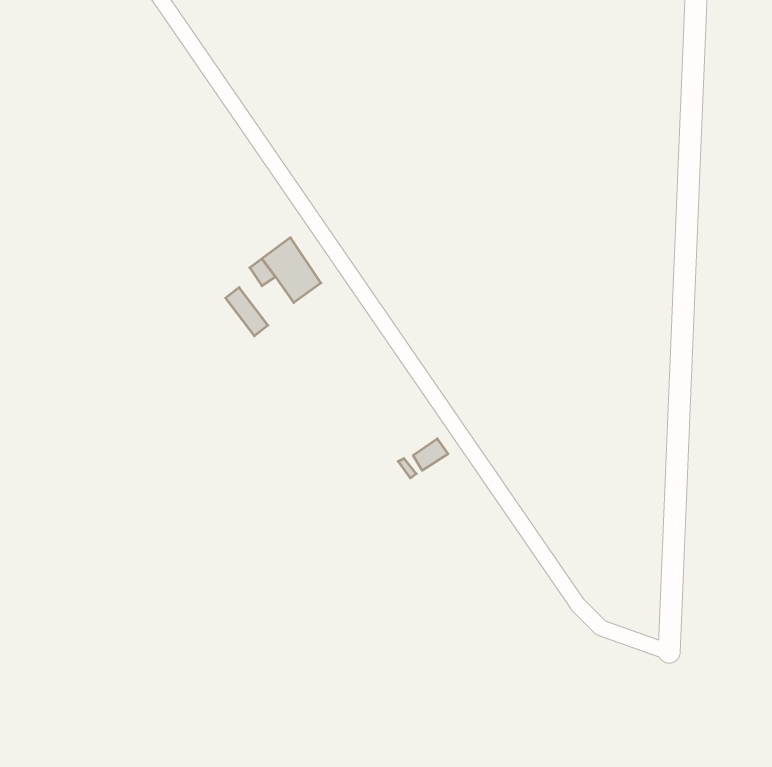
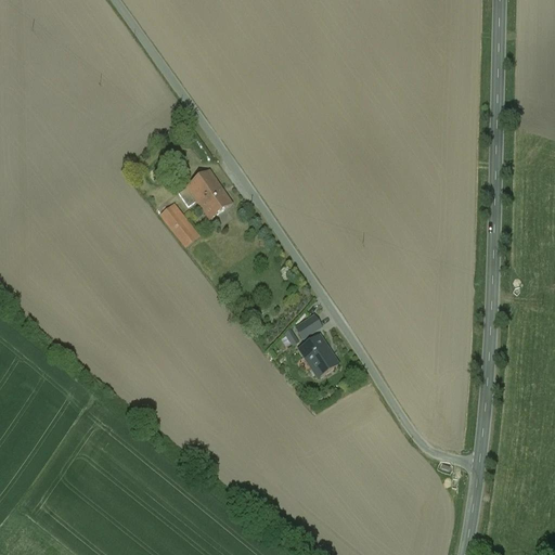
building: none -> [299,335,338,376]

